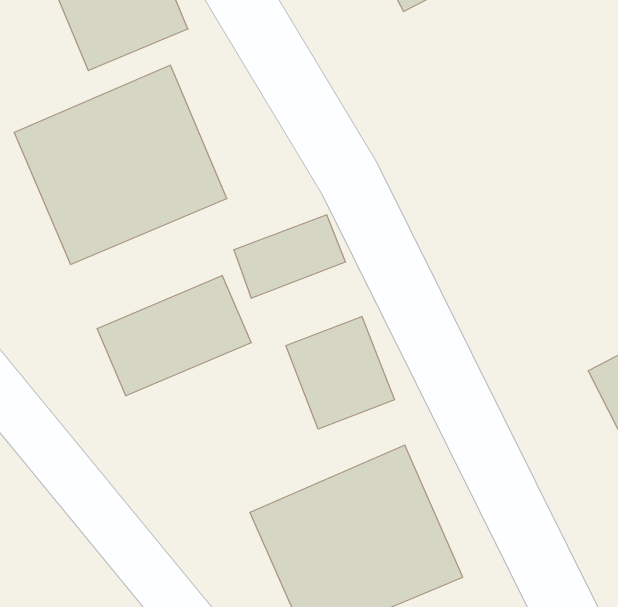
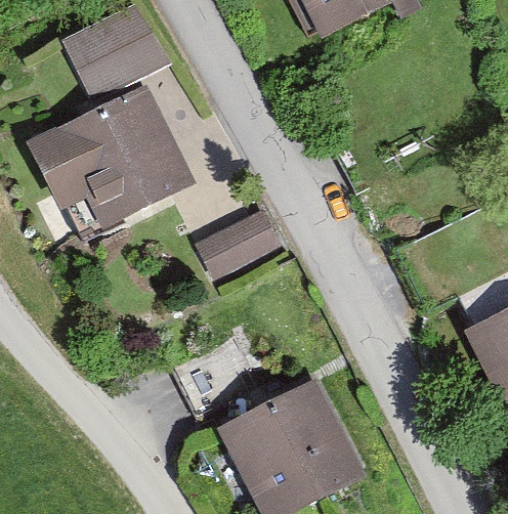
building: [97,275,251,396] -> none
building: [286,316,394,429] -> none

